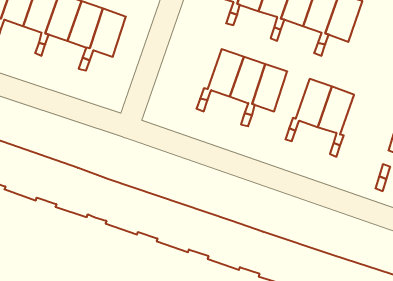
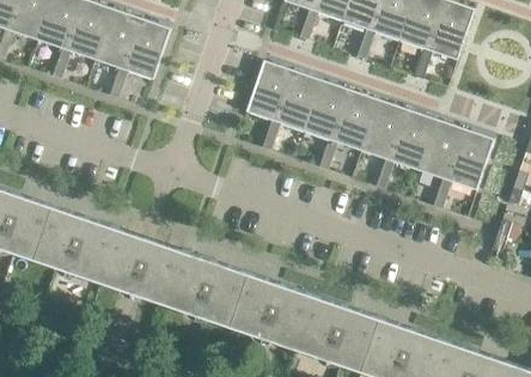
building: none -> [245,60,293,122]
building: none -> [361,99,407,160]
building: none -> [446,129,494,190]

